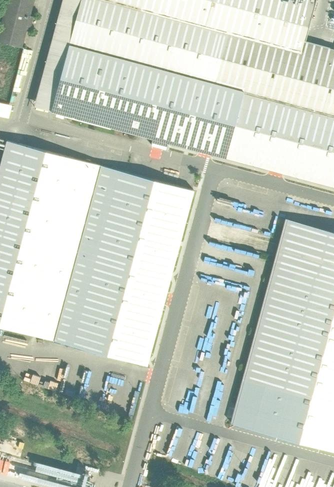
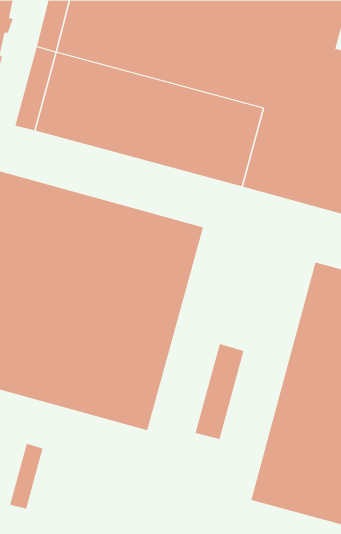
building: none -> [195,343,244,440]
building: none -> [9,443,43,510]

